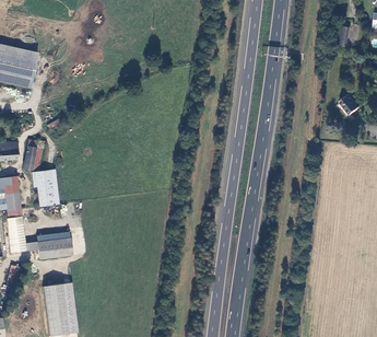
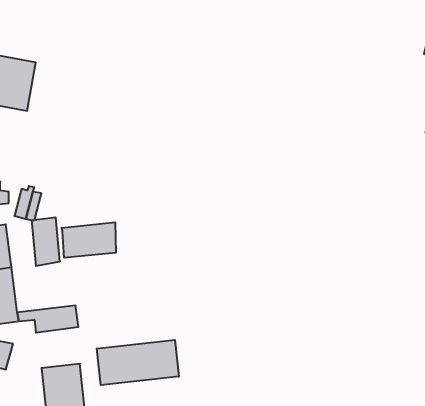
building: none -> [62,222,116,258]
building: none -> [97,340,179,385]

